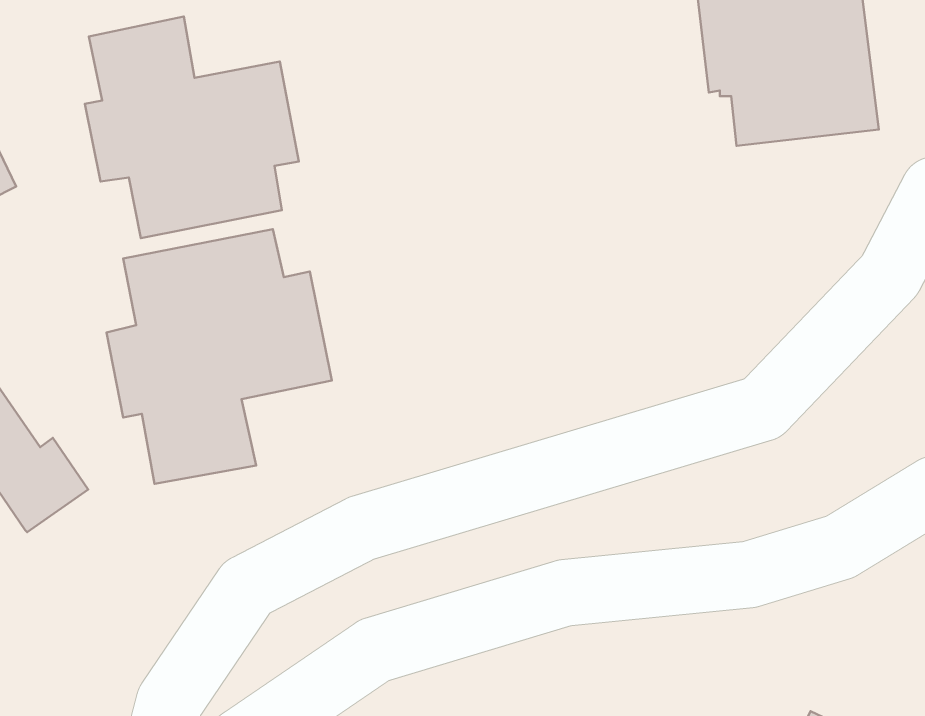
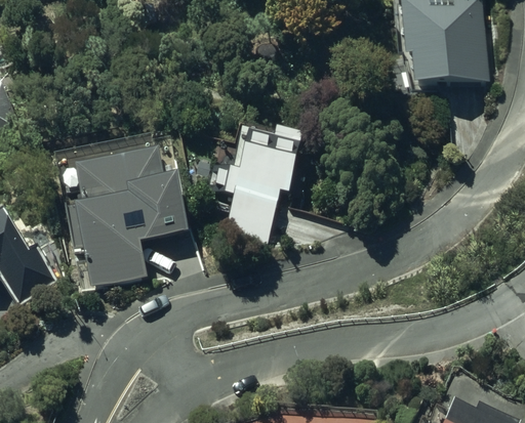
building: [85,16,299,238] -> none
building: none -> [207,125,307,239]

